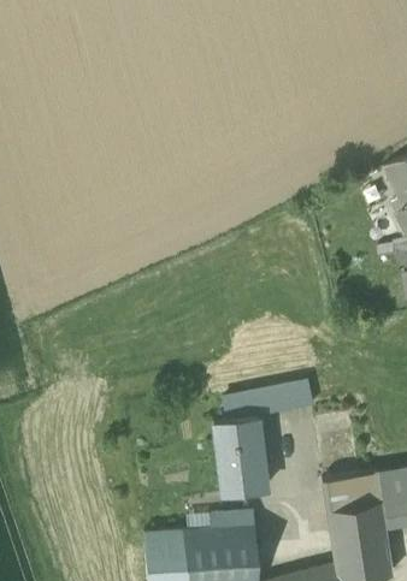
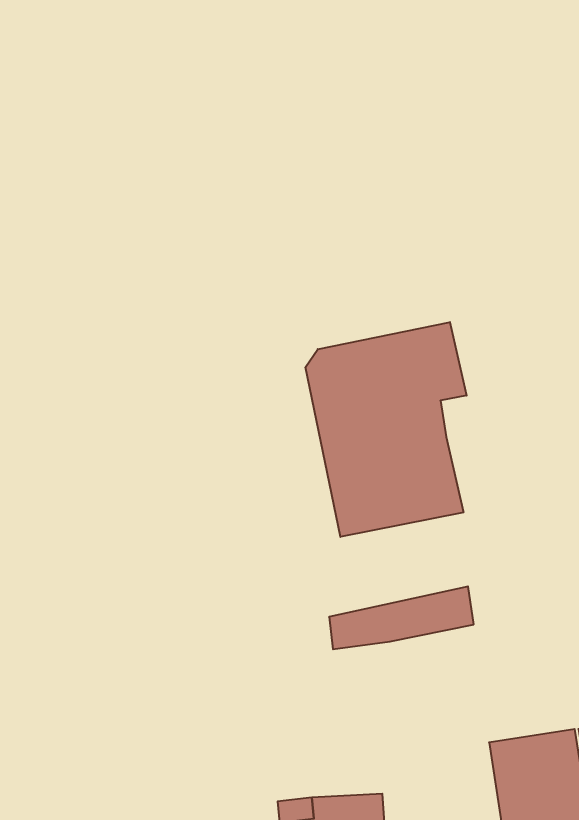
building: none -> [306,322,467,537]
building: [212,417,264,497] -> none

